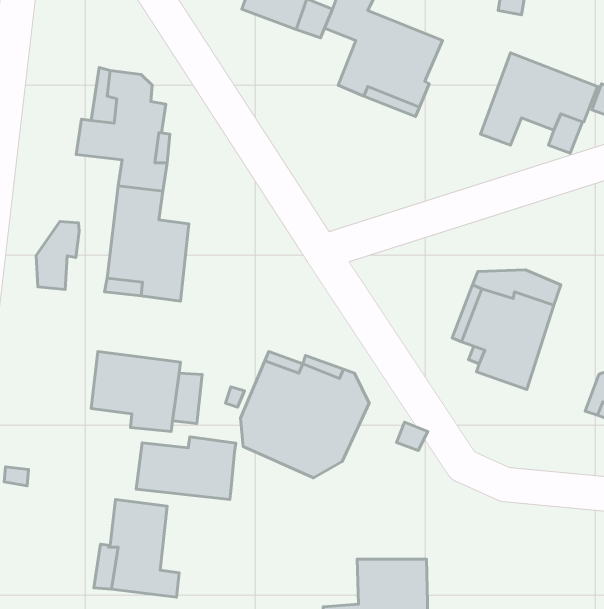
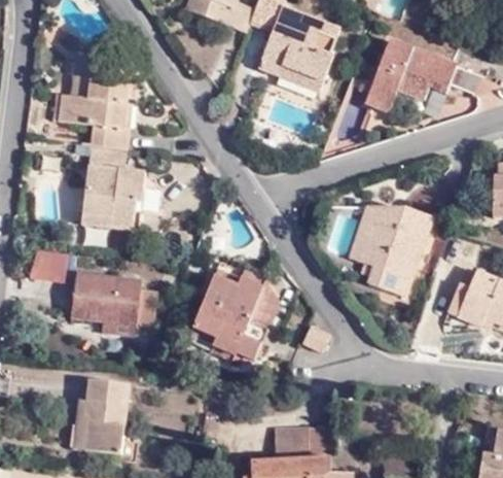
building: [36,222,79,289] -> none
building: none -> [30,246,61,277]
building: [136,437,236,500] -> none

